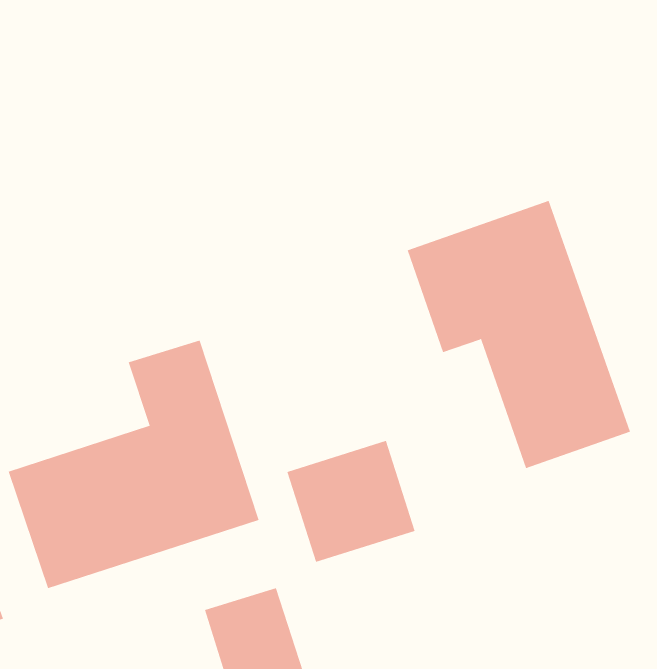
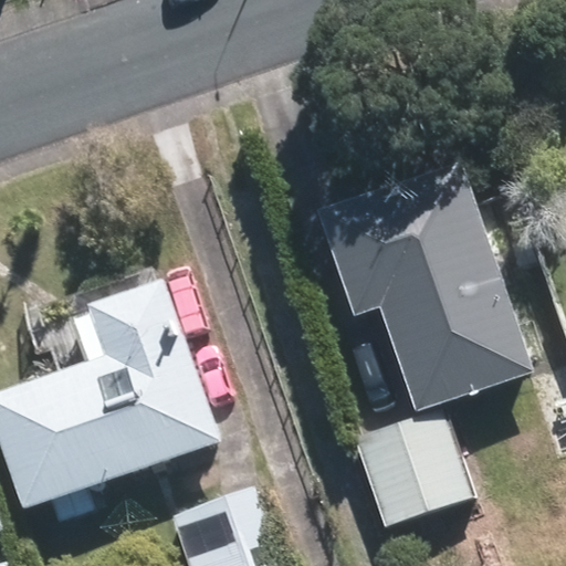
building: [286,440,416,563] -> [358,421,467,524]

